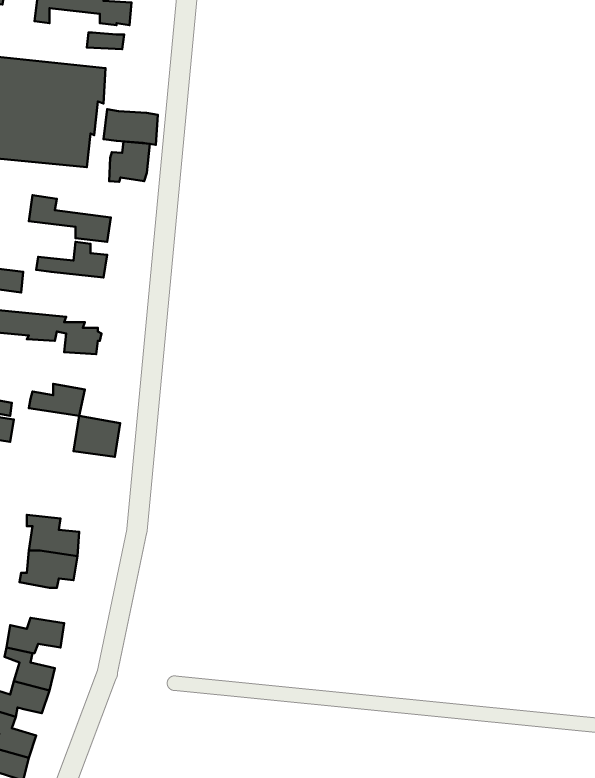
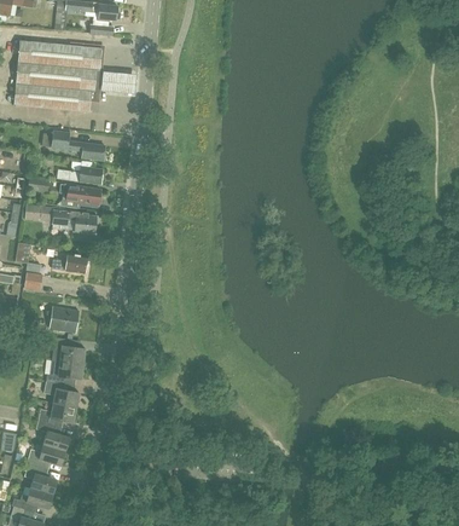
building: [109,141,150,182] -> none
building: none -> [62,184,101,206]
building: [74,416,120,457] -> [50,305,80,331]
building: none -> [43,380,79,406]

